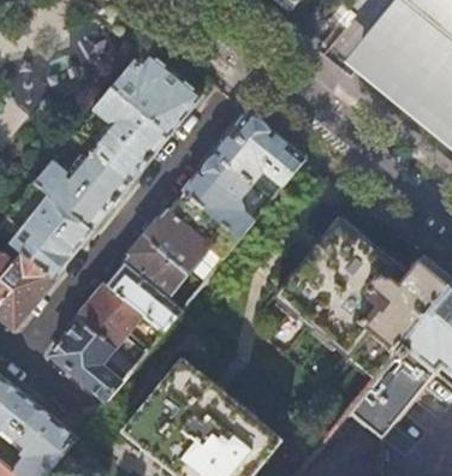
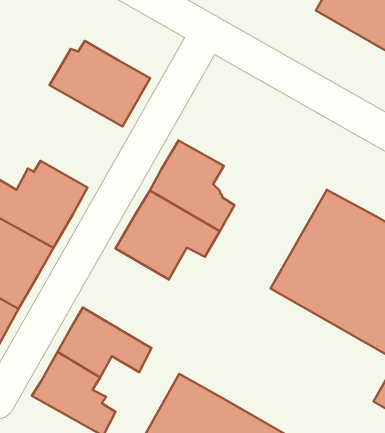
building: [91,87,168,182] -> none
building: [215,113,304,191] -> none
building: [107,239,186,332] -> none

